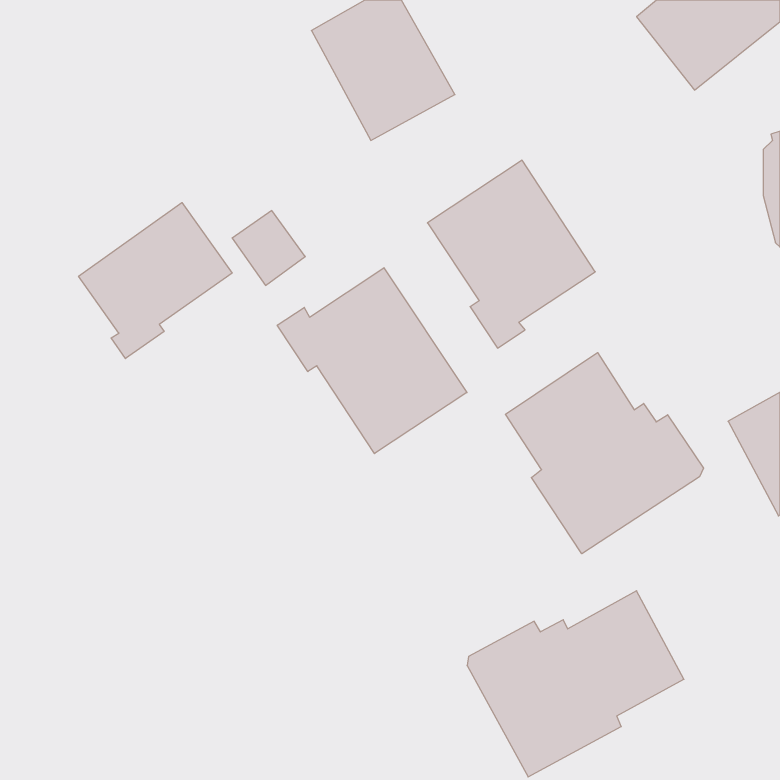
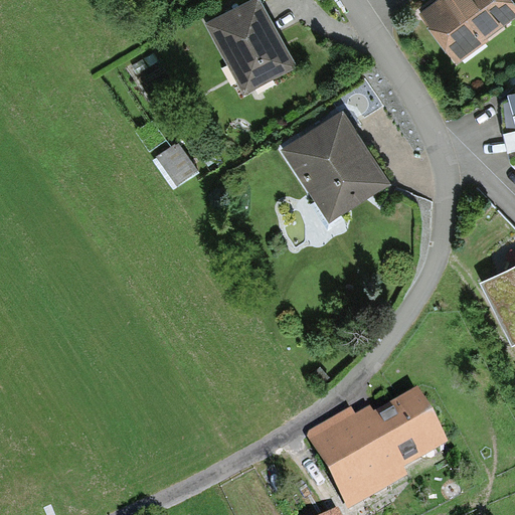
building: [79,203,232,359] -> none
building: [277,268,467,454] -> none
building: [505,353,703,554] -> none

